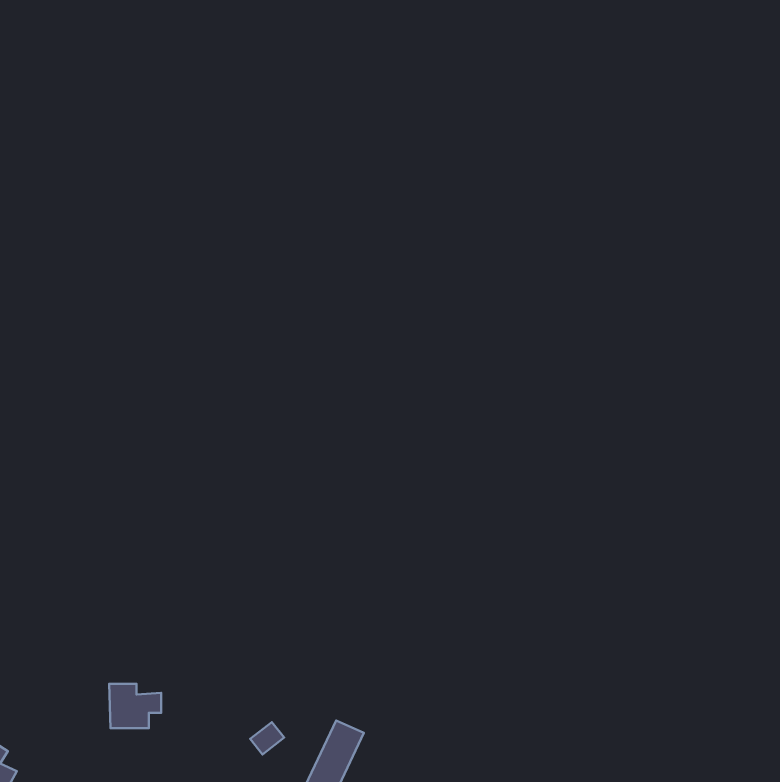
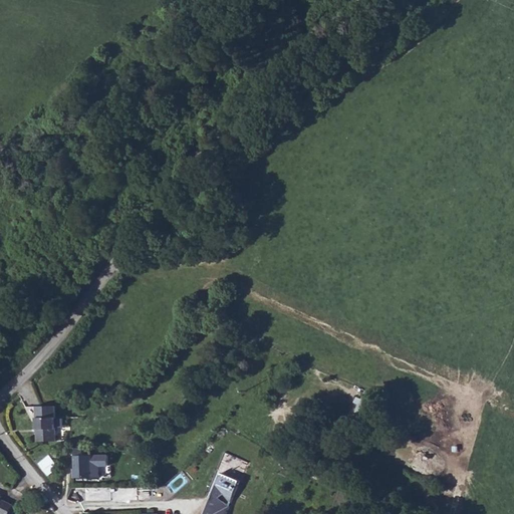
building: none -> [33,406,54,441]

